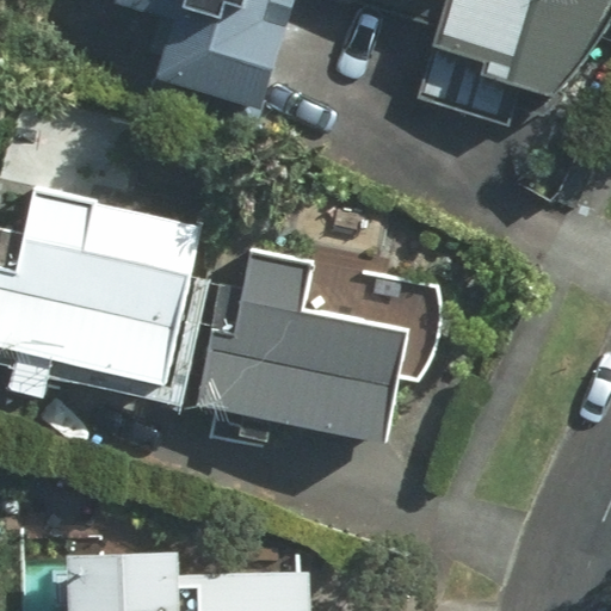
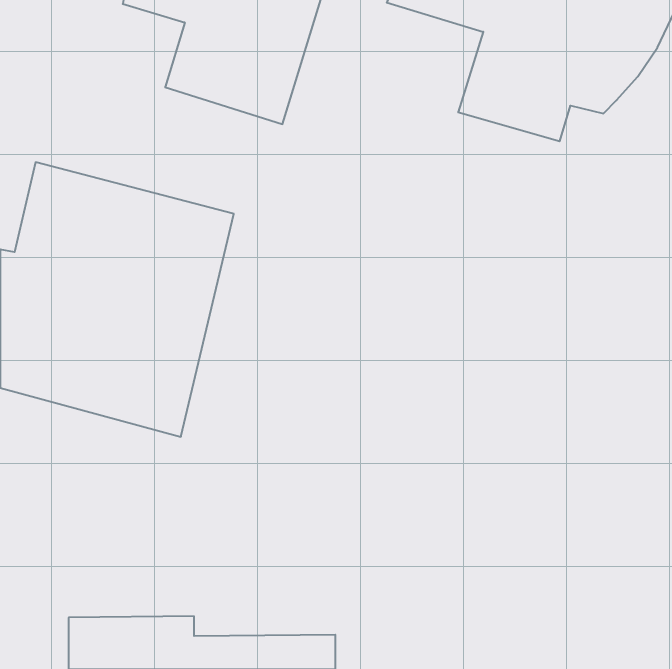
building: [196,242,415,449] -> none

